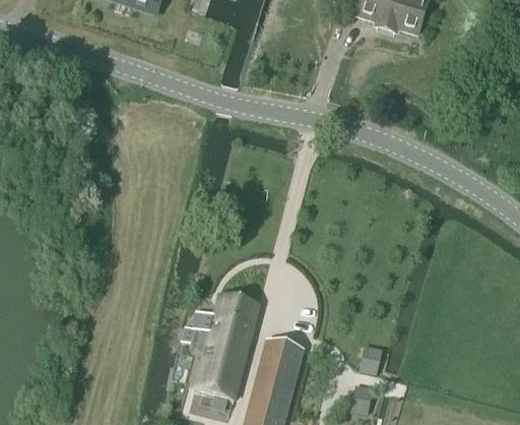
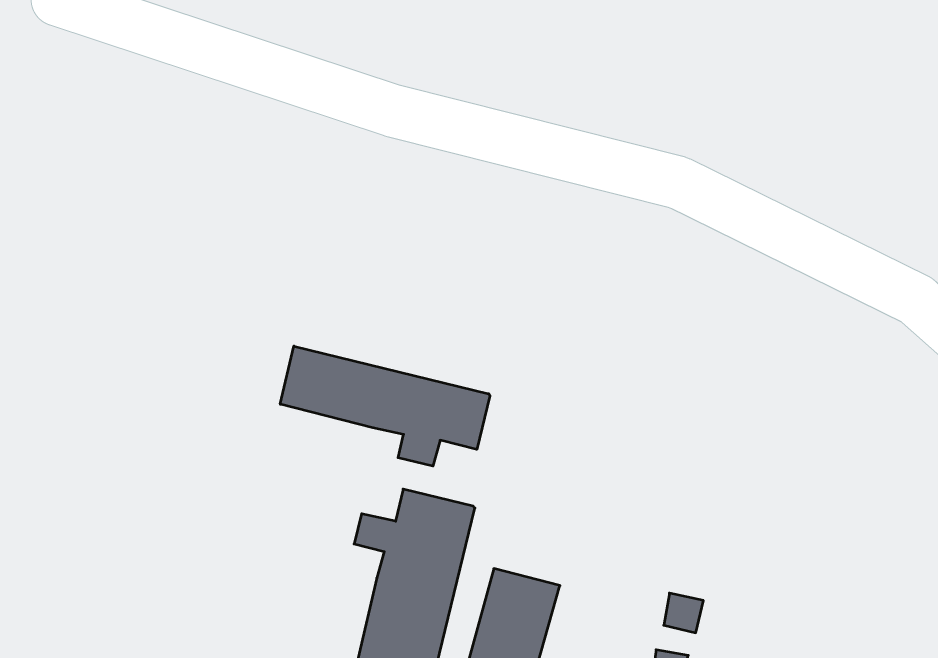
building: none -> [280,346,490,466]

